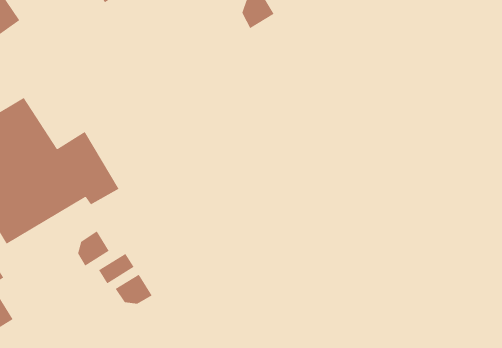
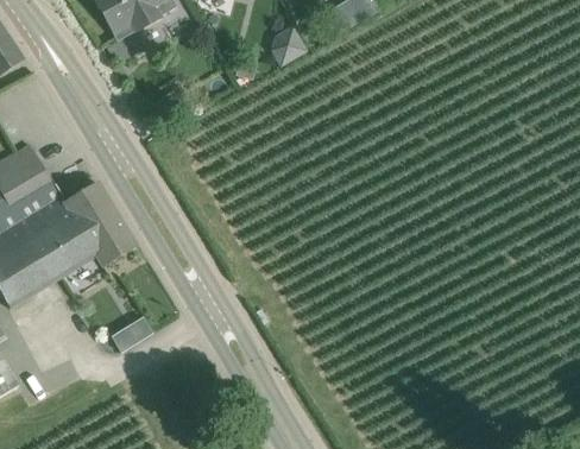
building: [78,230,109,267] -> none
building: [115,274,153,304] -> none

